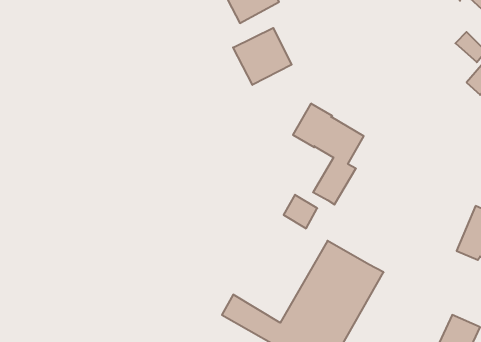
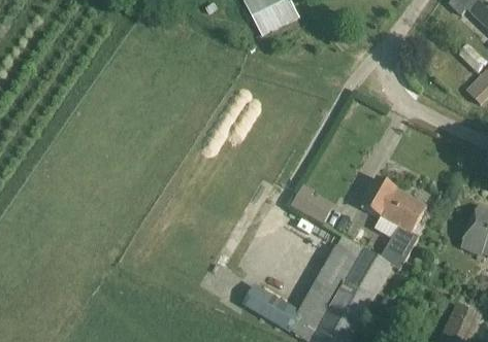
building: [233,28,292,85] -> none
building: [293,104,364,205] -> [361,175,426,268]

